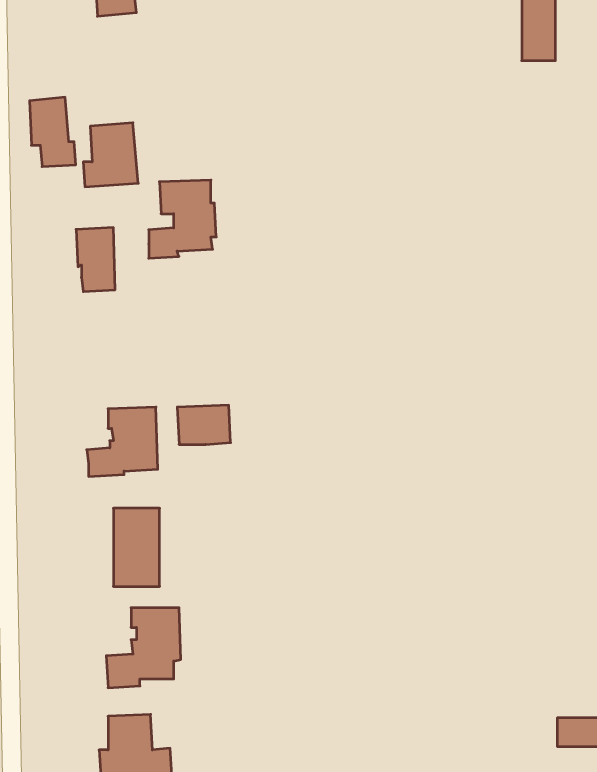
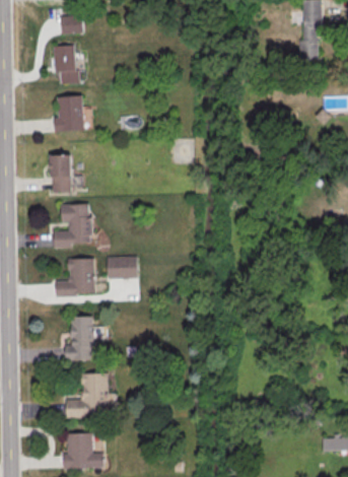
building: [30,97,76,167] -> [53,45,79,84]
building: [149,180,216,258] -> [54,203,92,248]

